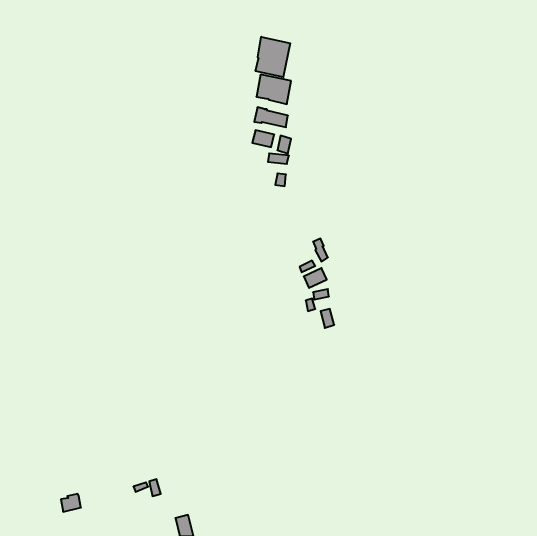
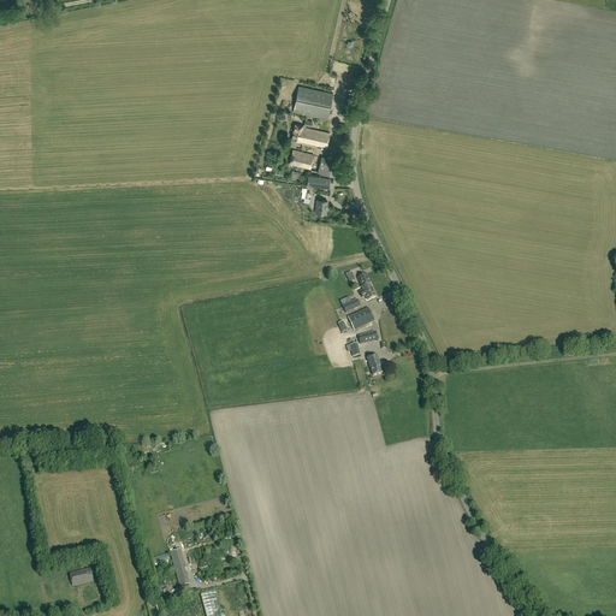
building: [256,37,290,77] -> none

